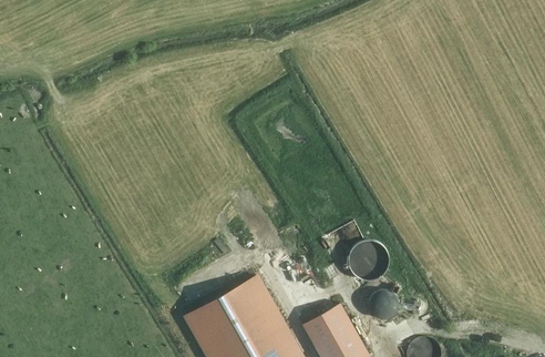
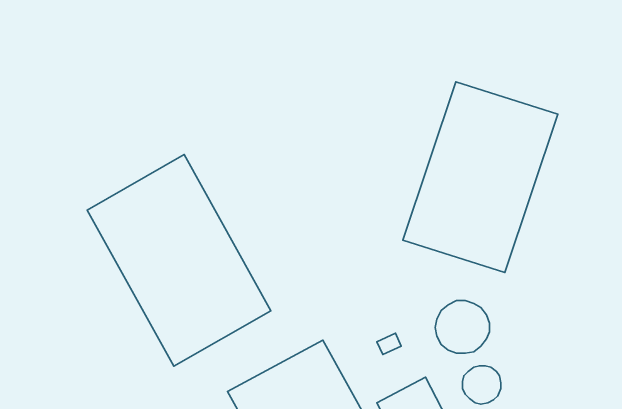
building: none -> [403,82,558,272]
building: none -> [87,154,271,366]

